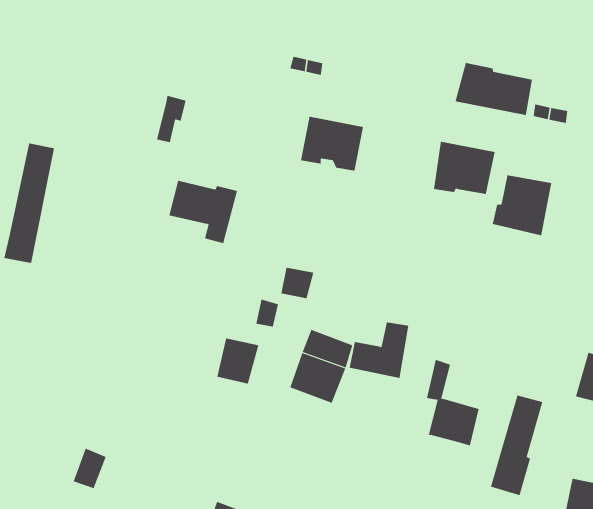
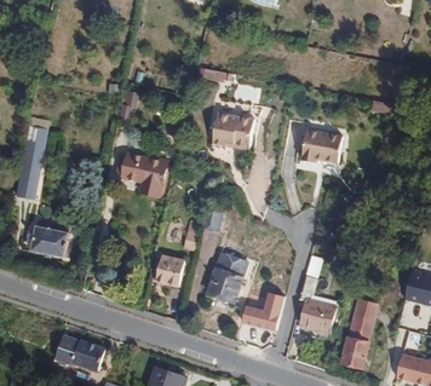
building: [455,62,533,116] -> none
building: [492,175,552,236] -> none
building: none -> [28,221,69,264]
building: [349,322,409,379] -> [239,292,280,330]
building: none -> [71,338,103,369]

